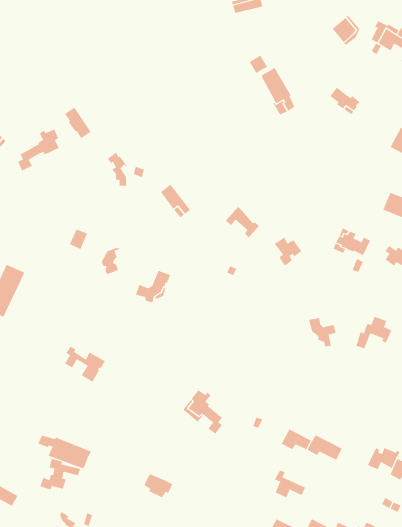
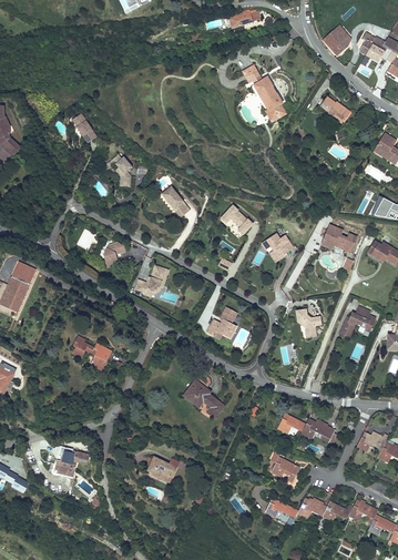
building: [18,128,60,171] -> none
building: none -> [211,306,242,335]
building: [37,435,92,469] -> none

